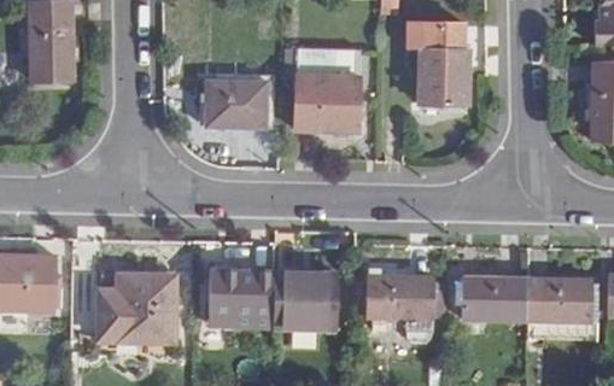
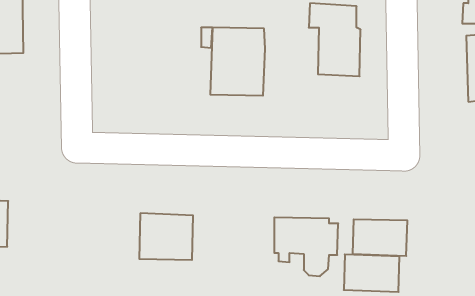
building: [205,86,265,130] -> none
building: [271,273,339,327] -> none
building: [100,275,174,340] -> none
building: [526,279,592,323] -> [344,254,400,292]

